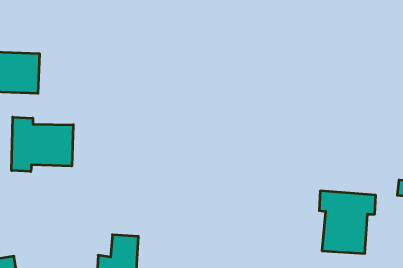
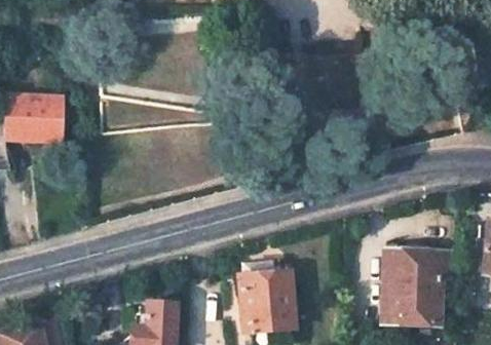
building: [12,117,73,172] -> none
building: none -> [241,272,300,333]

